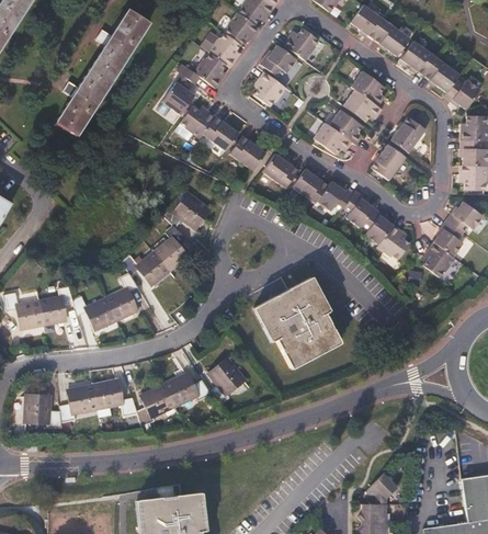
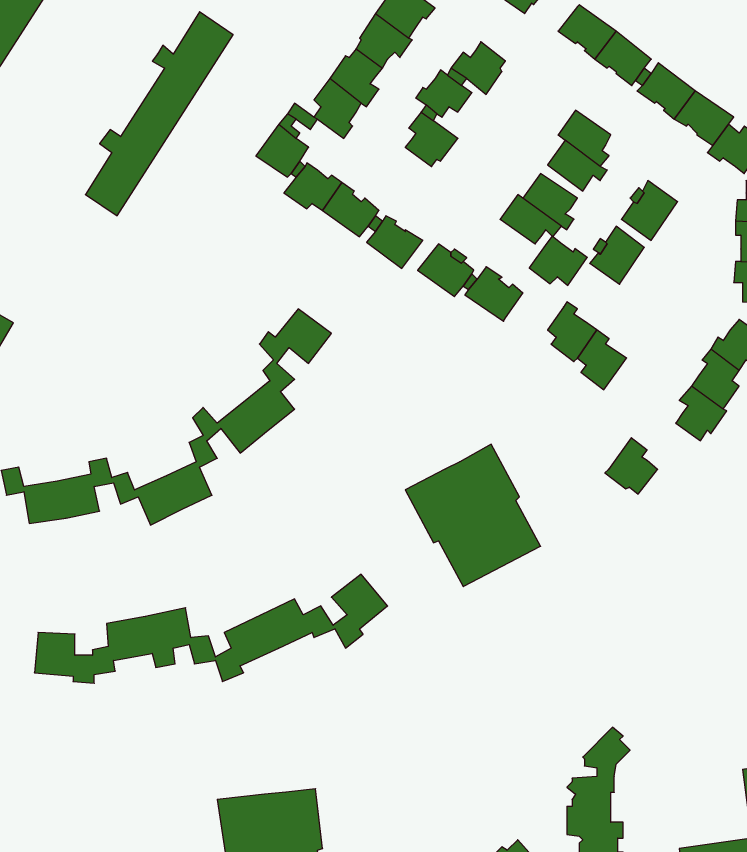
building: [318,180,354,211] -> [529,236,587,285]
building: [377,225,410,260] -> [605,438,658,494]

